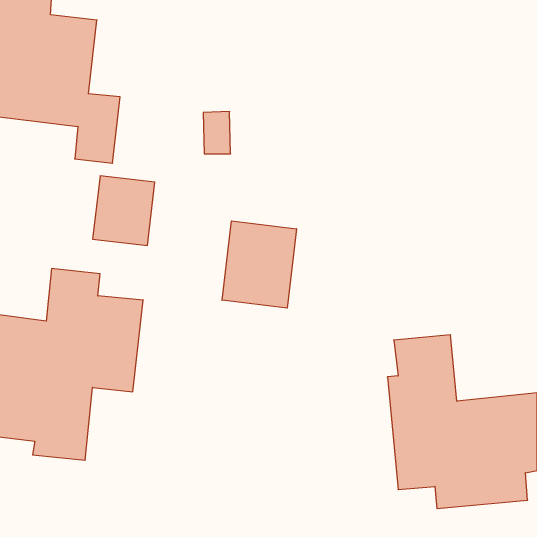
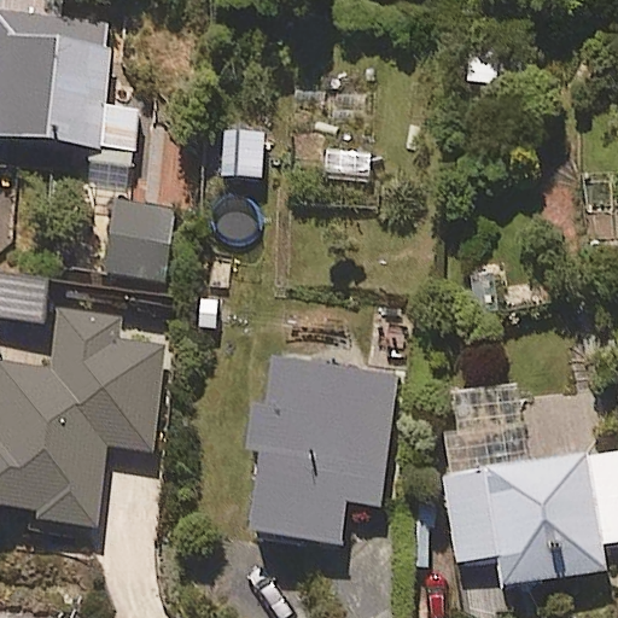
building: [222,221,296,308] -> none
building: none -> [249,358,396,543]

